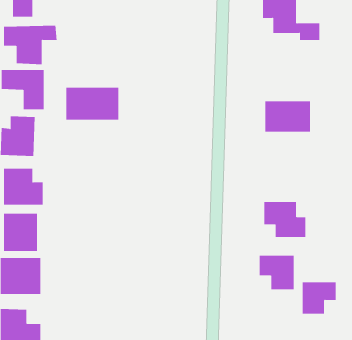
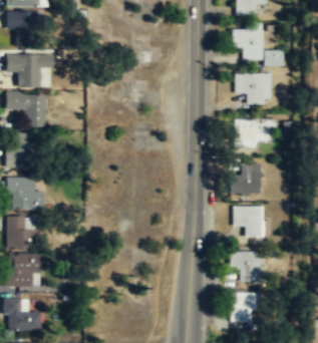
building: none -> [234,74,270,104]
building: [66,87,119,121] -> none
building: none -> [231,162,261,194]
building: [302,282,337,314] -> [231,293,261,321]

